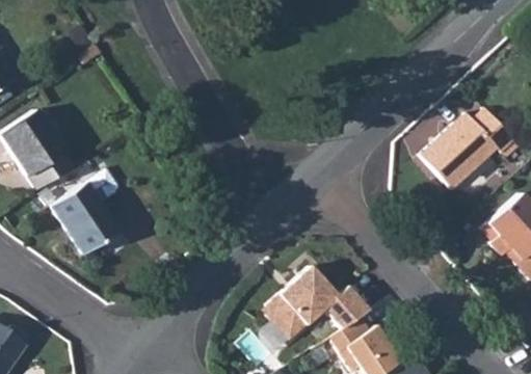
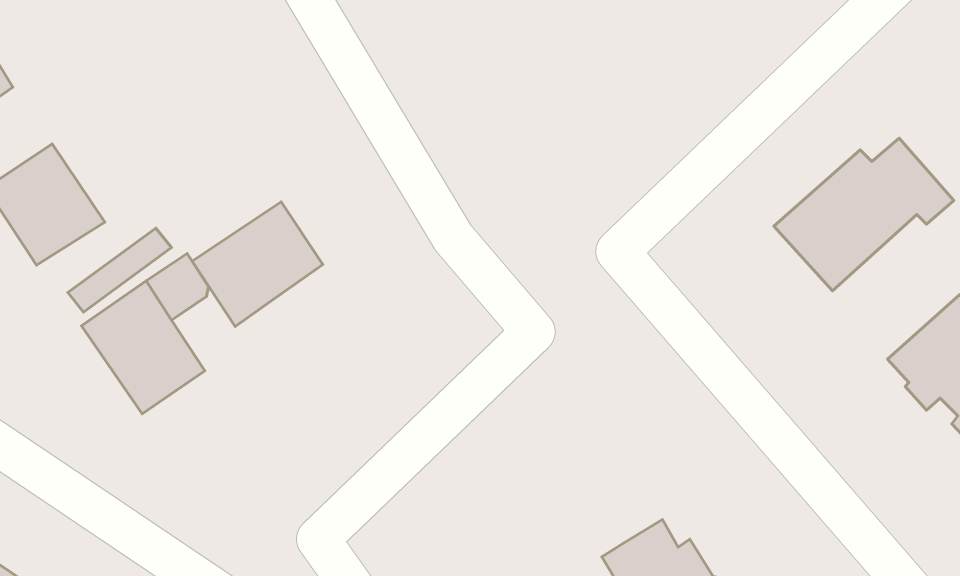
building: none -> [192,202,323,326]
building: [266,263,368,336] -> none

